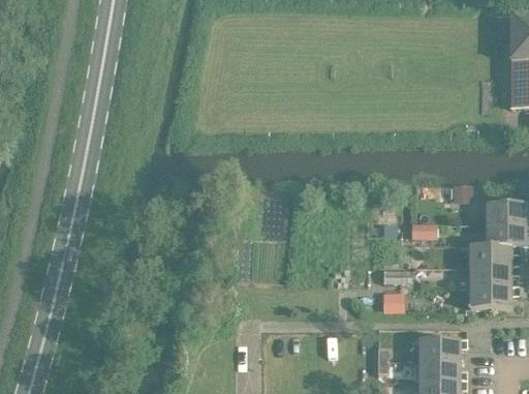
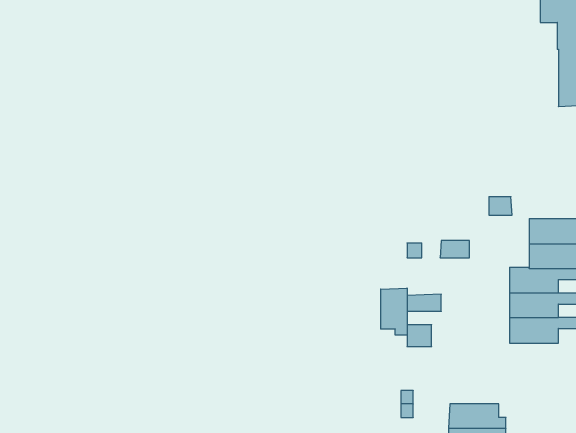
building: none -> [381,288,407,335]
building: [418,337,466,359] -> none

